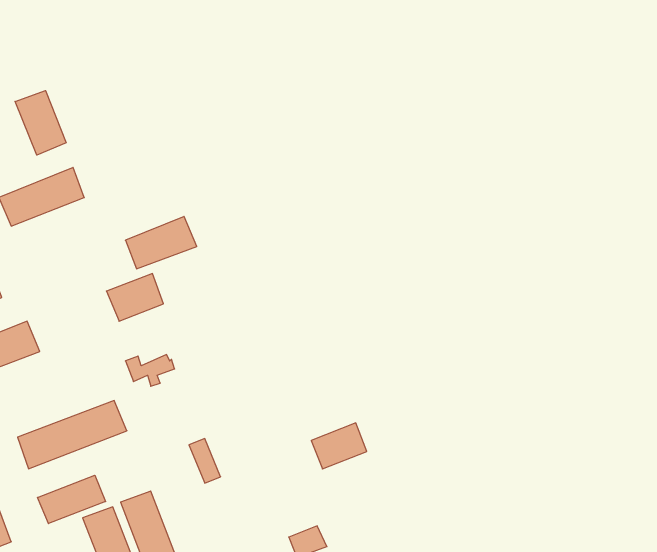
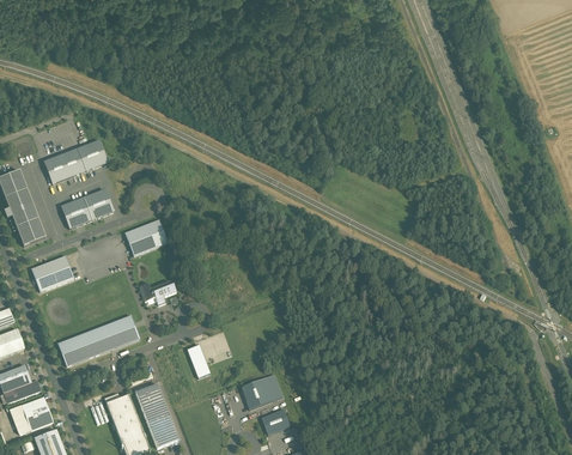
building: [15,91,66,155] -> none
building: [125,216,197,269] -> [61,188,115,228]
building: [311,423,367,469] -> [242,374,284,408]
building: [38,475,106,524] -> none

